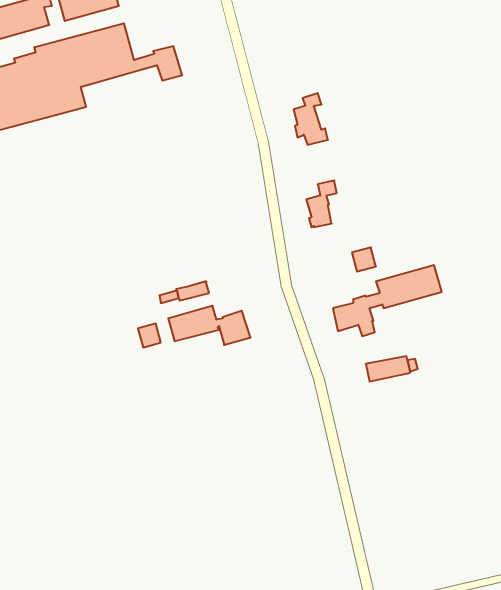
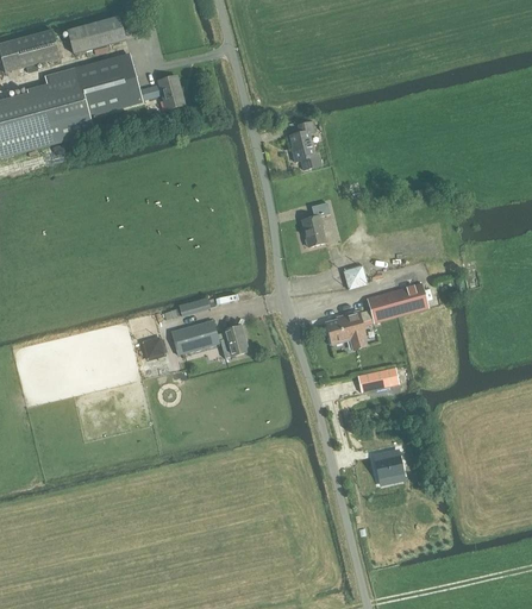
building: none -> [374,450,402,479]

